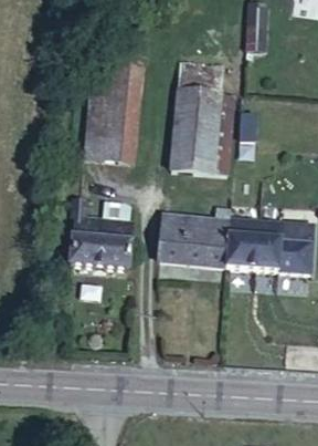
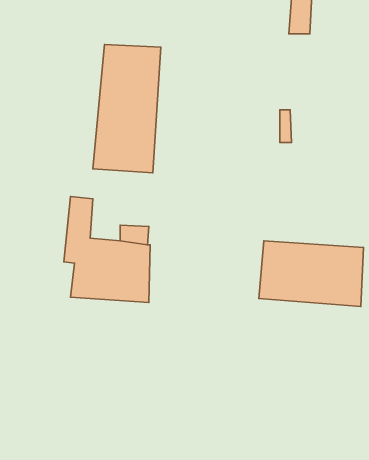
building: [170,59,231,173] -> none
building: [160,203,227,267] -> none

